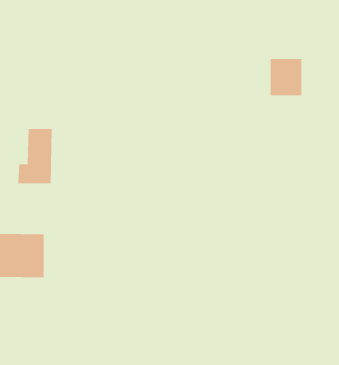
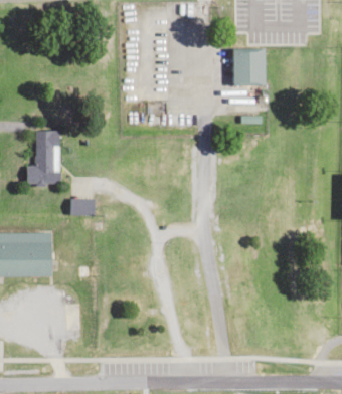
building: [270,58,302,96] -> [233,47,265,84]
building: none -> [71,199,94,215]

